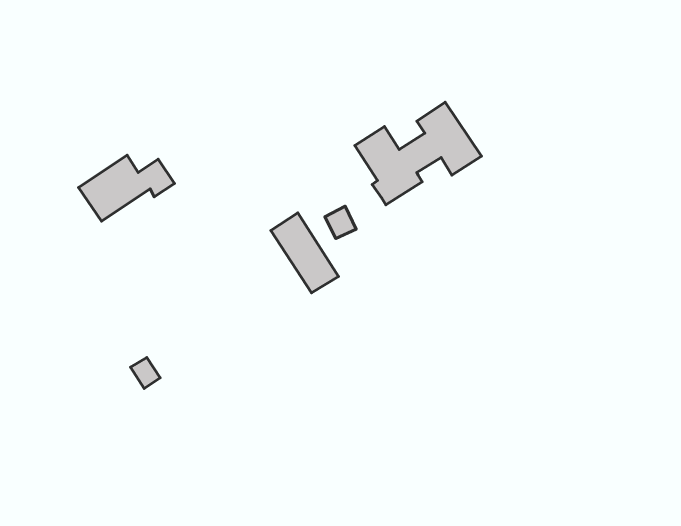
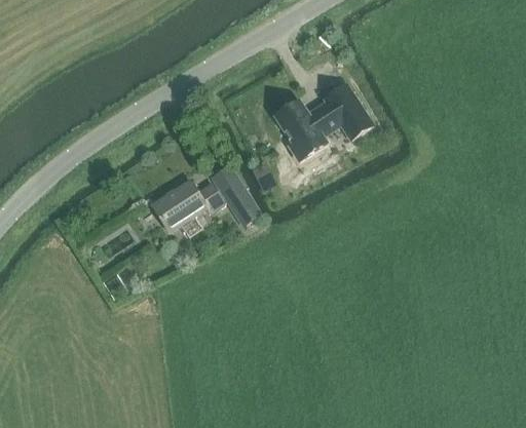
building: [79,155,175,221] -> [151,181,224,231]

